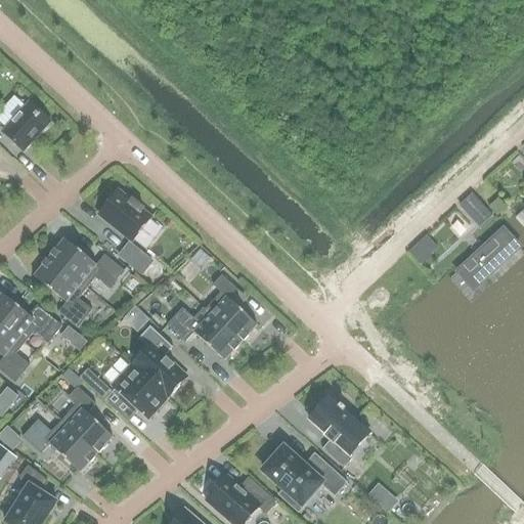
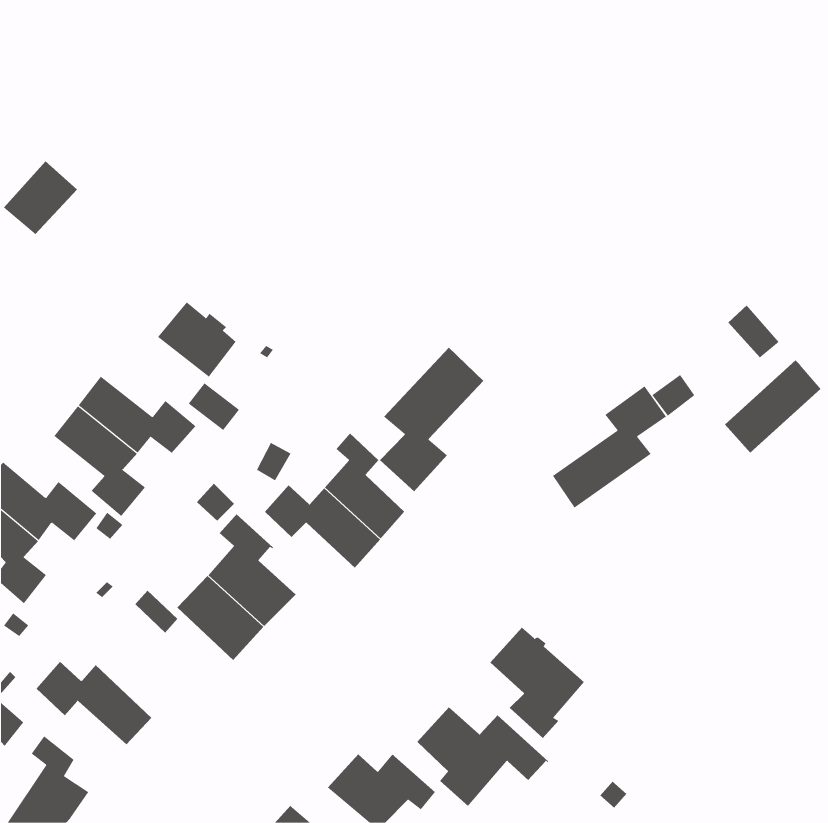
building: none -> [379,347,484,492]
building: none -> [552,386,667,508]
building: [60,386,113,453] -> none

